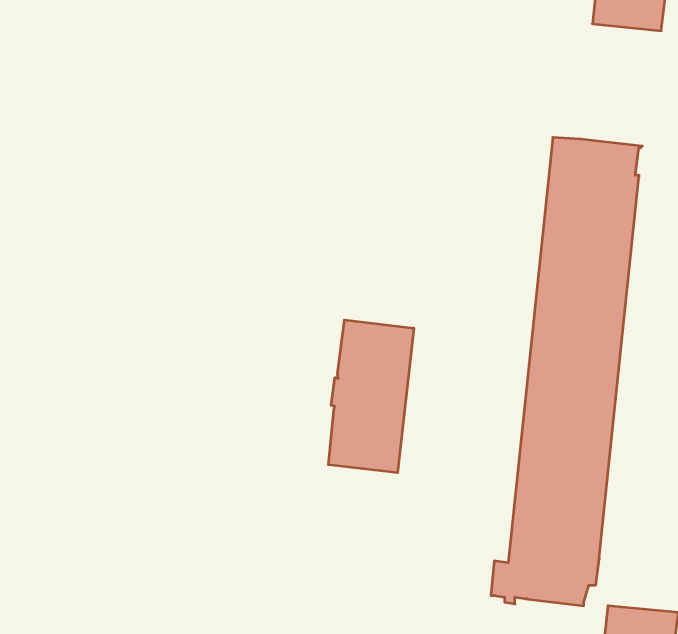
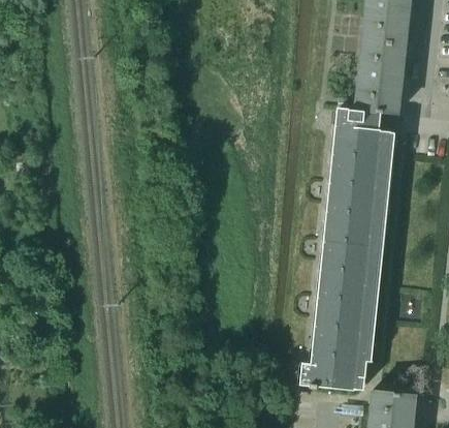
building: none -> [356,41,405,115]
building: [328,320,414,473] -> none

